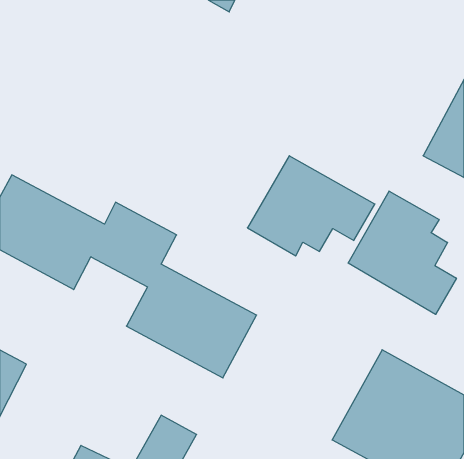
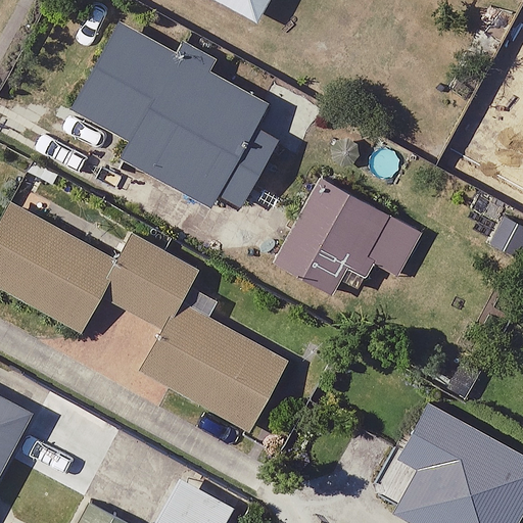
building: none -> [72,23,278,206]
building: [348,191,456,314] -> none

